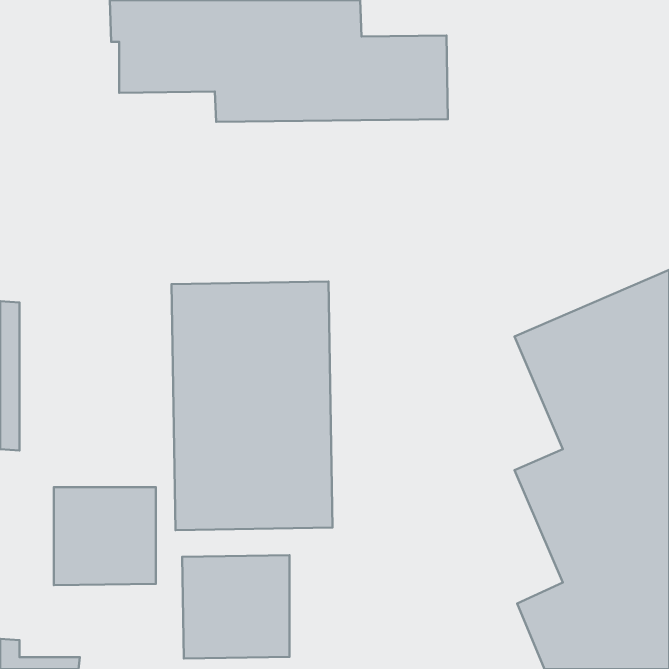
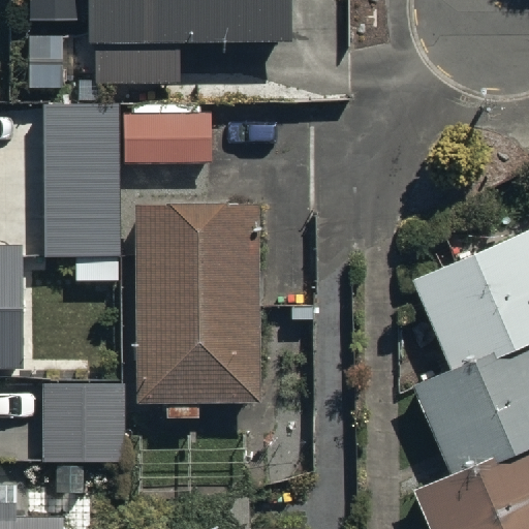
building: none -> [42,92,208,280]
building: [182,555,290,658] -> none

